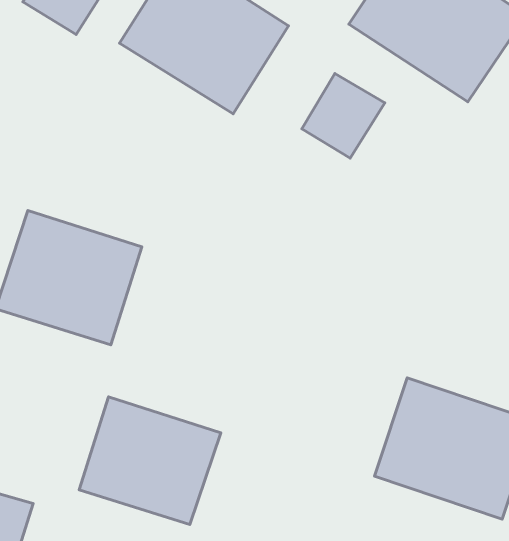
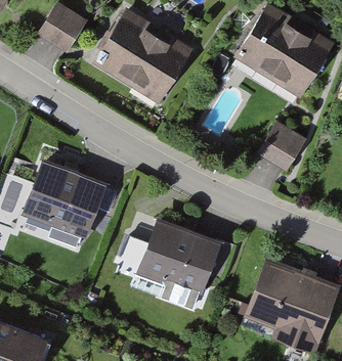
building: [302,74,385,158] -> [259,124,308,174]
building: [79,397,221,524] -> [133,220,217,296]

